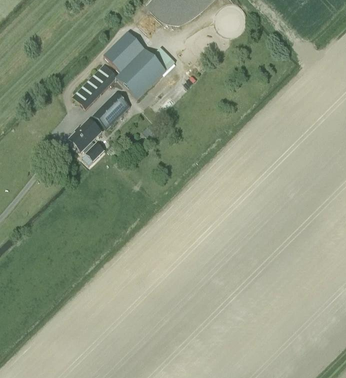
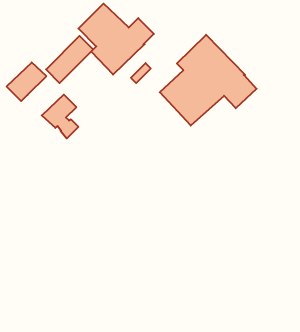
building: none -> [160,35,257,126]
building: [93,91,131,128] -> [7,62,46,101]

